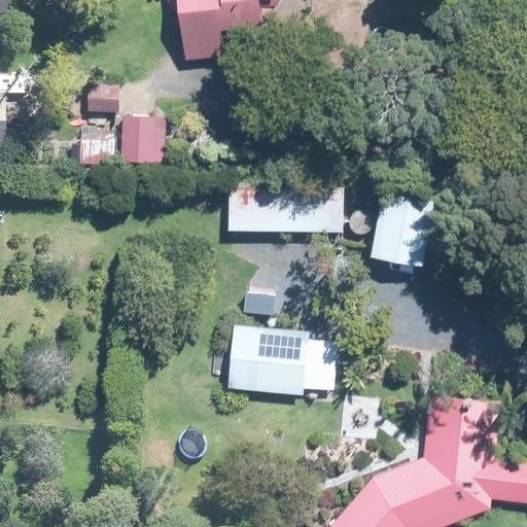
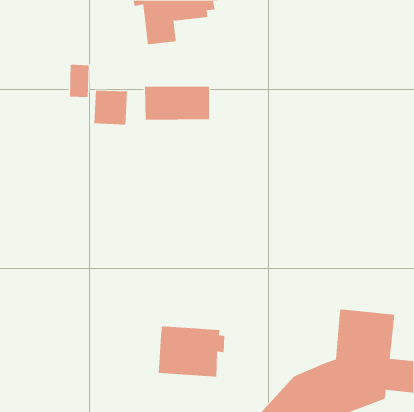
building: [251,188,335,232] -> [144,86,210,120]
building: [372,189,436,266] -> none
building: [230,329,315,394] -> [158,326,225,377]

